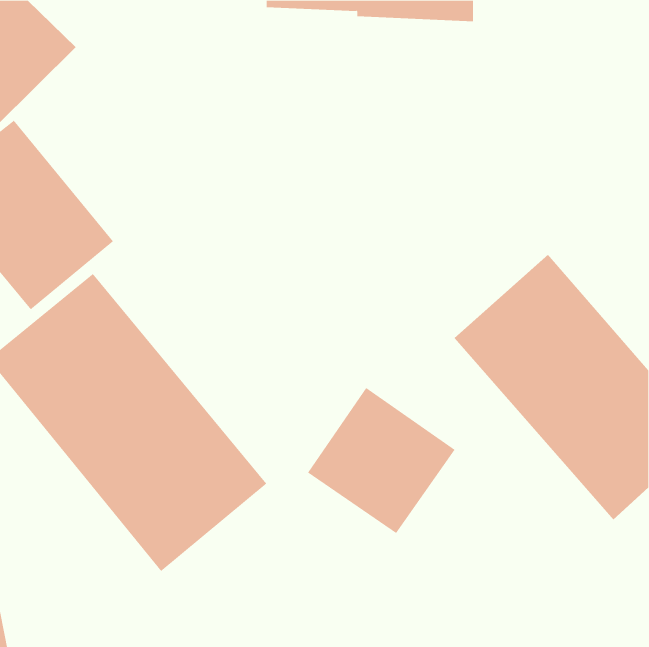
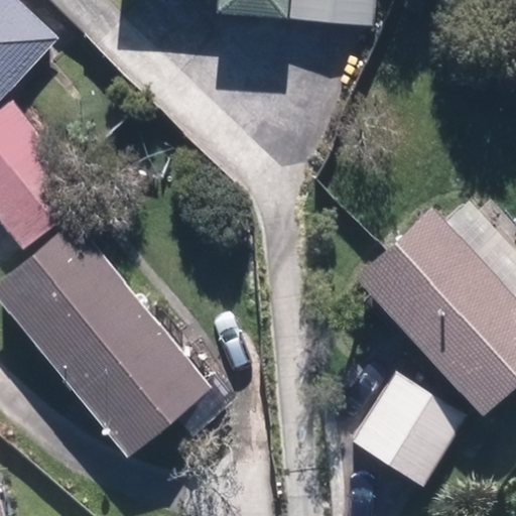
building: [307,387,455,534] -> [347,371,464,487]

